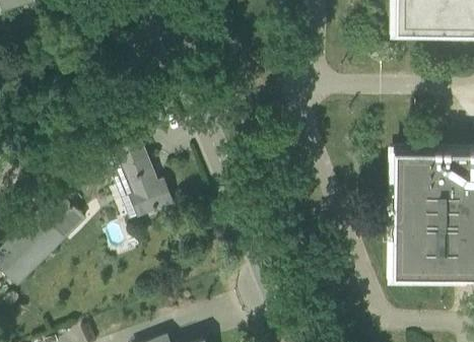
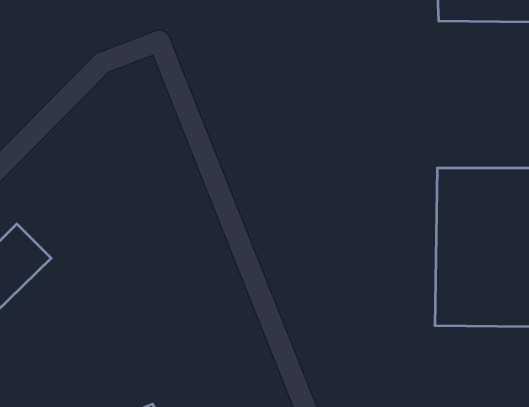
building: [105,141,173,210] -> none

